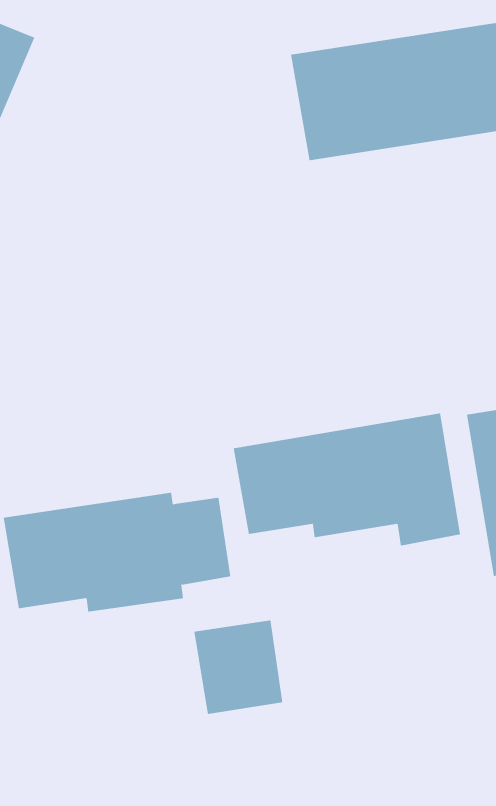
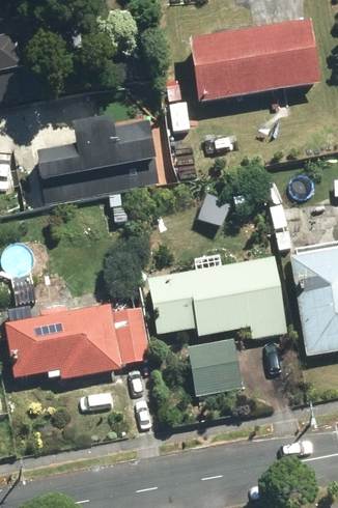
building: none -> [37,118,159,184]
building: [193,620,283,714] -> [187,336,242,394]

